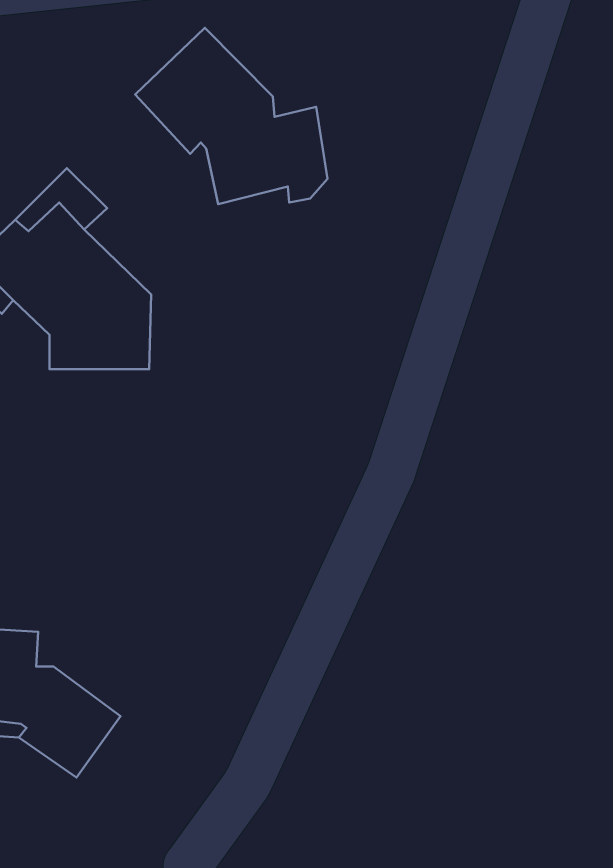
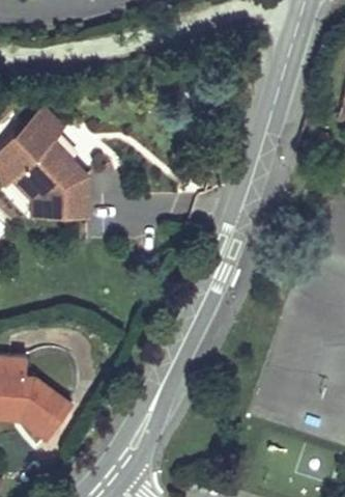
building: [135,28,327,204] -> none

